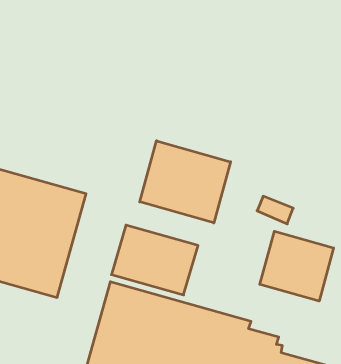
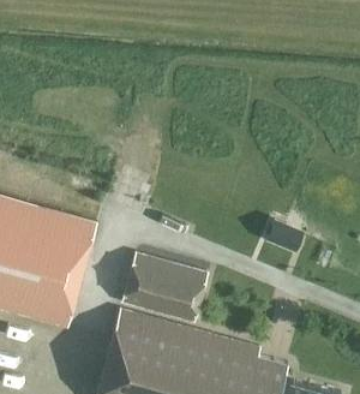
building: [140,141,231,223] -> none
building: [260,231,334,301] -> none

